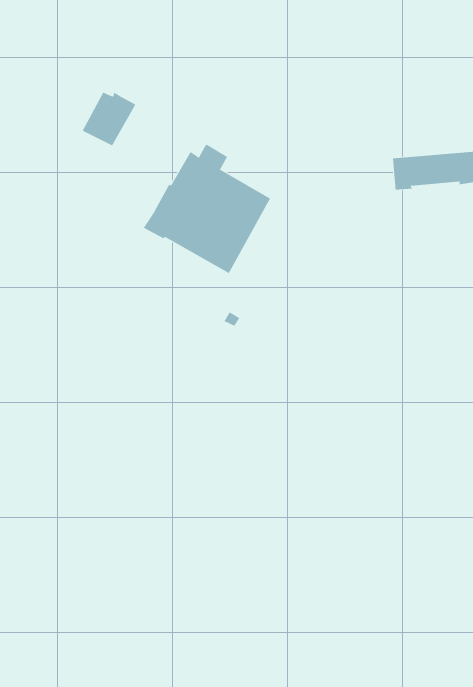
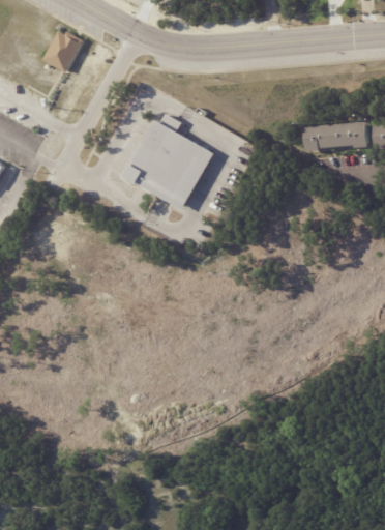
building: [82,92,136,146] -> [46,34,86,75]

